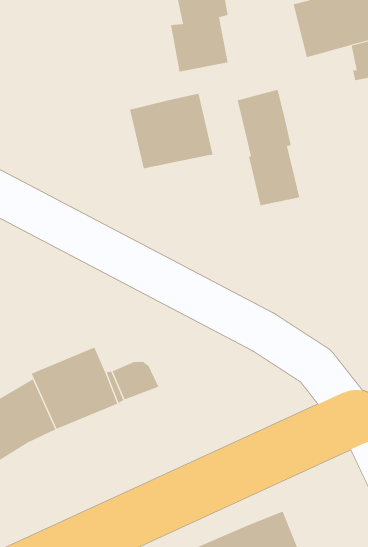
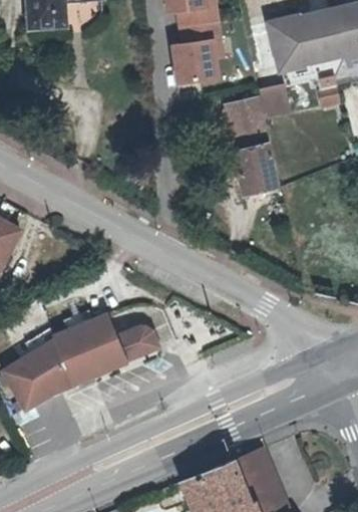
building: none -> [260,87,292,121]
building: [130,93,213,169] -> none

